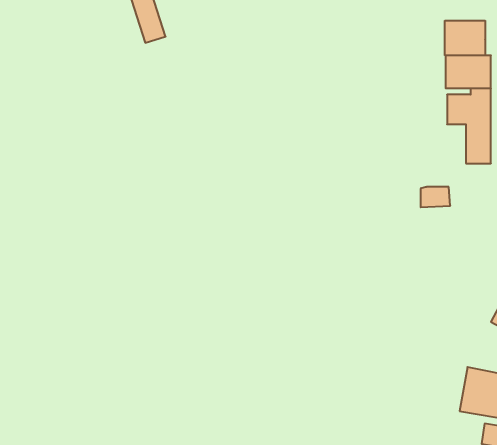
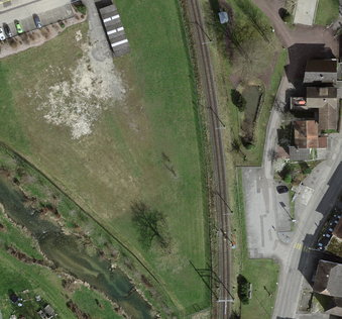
building: [445,21,485,55] -> none
building: none -> [294,121,316,146]

